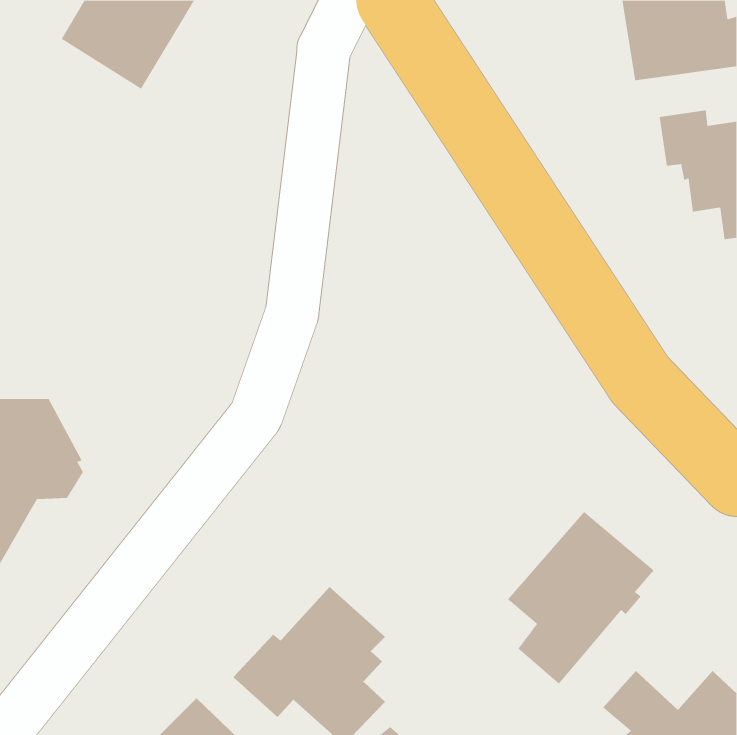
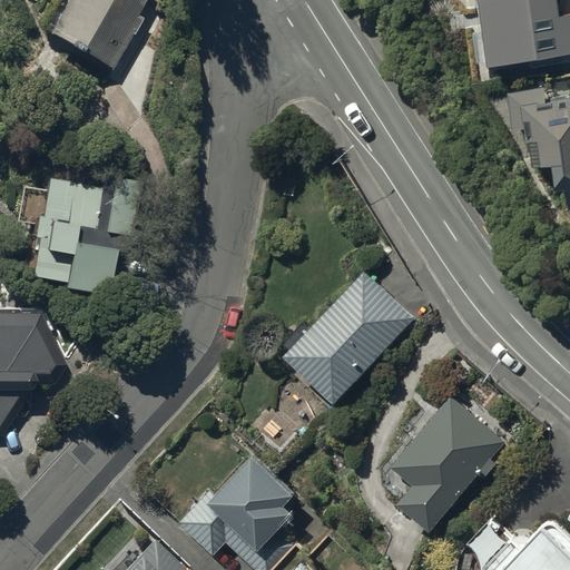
building: none -> [27,169,140,297]
building: none -> [283,269,415,402]

